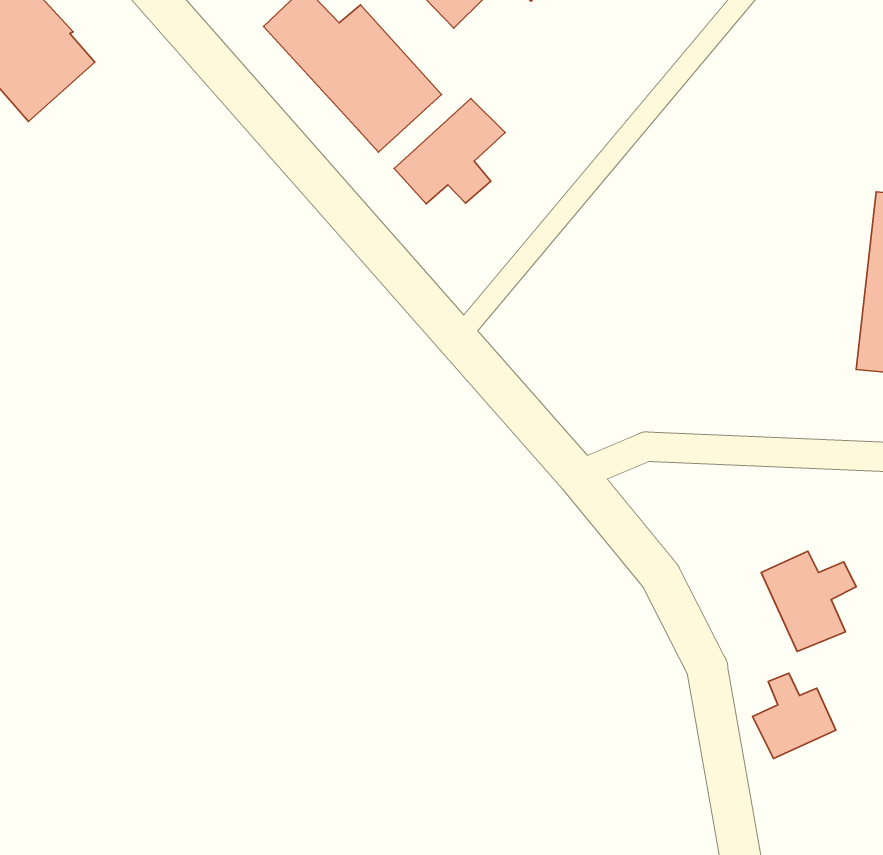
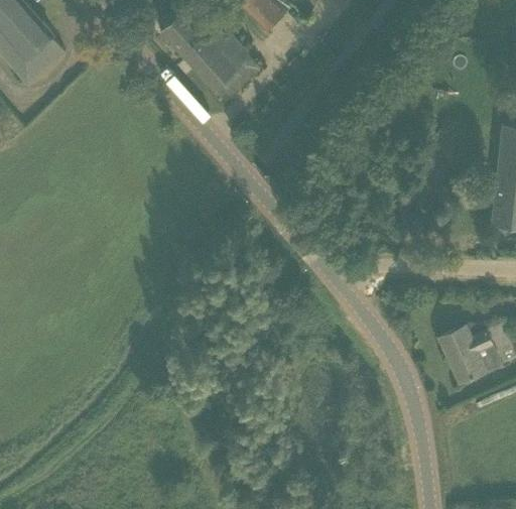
building: [394,98,505,204] -> none
building: [753,673,836,759] -> none

